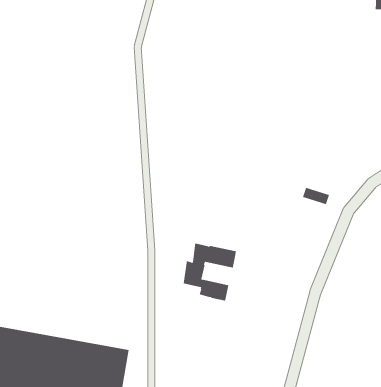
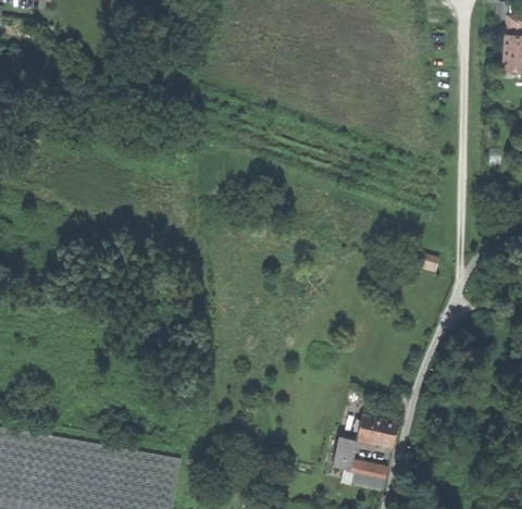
building: [183,243,237,301] -> [328,412,398,487]

